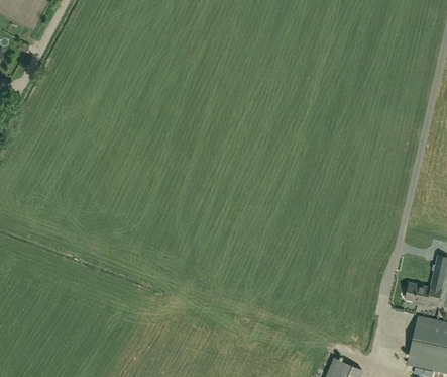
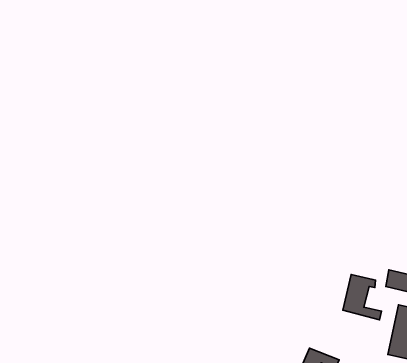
building: none -> [343,275,382,320]

